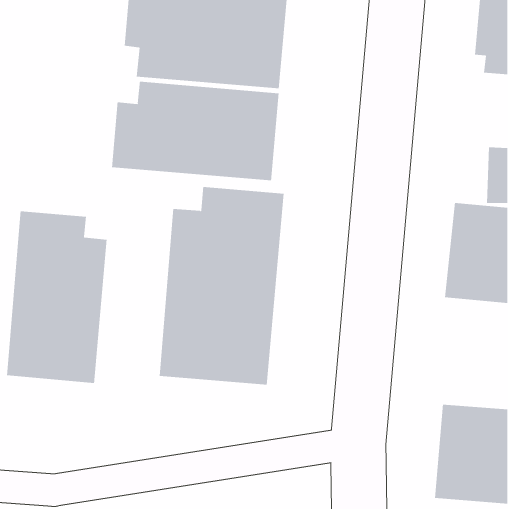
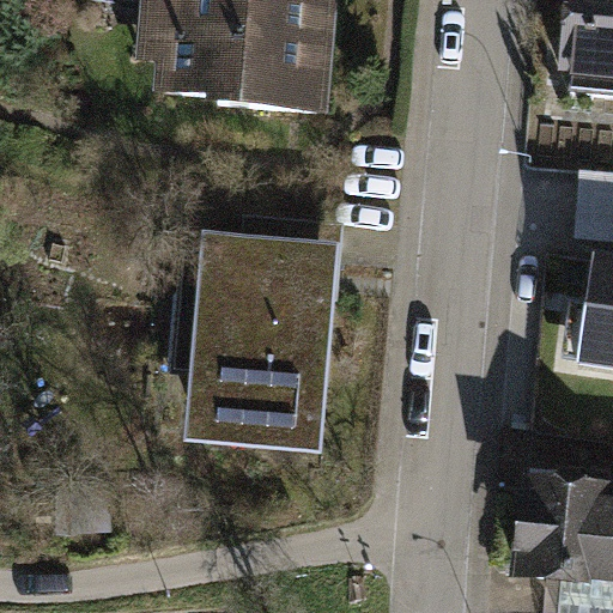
building: [112,81,279,181] -> none
building: [6,211,107,384] -> none

